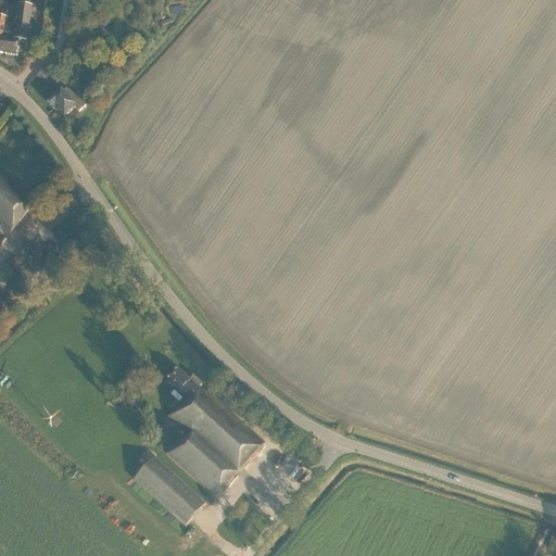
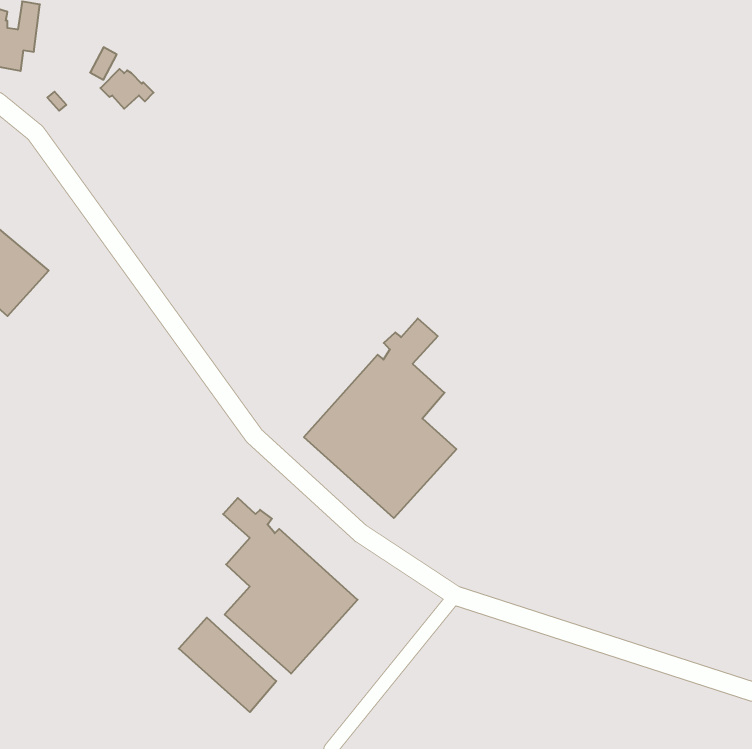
building: [45,85,84,114] -> [100,69,154,109]
building: none -> [304,318,456,518]

